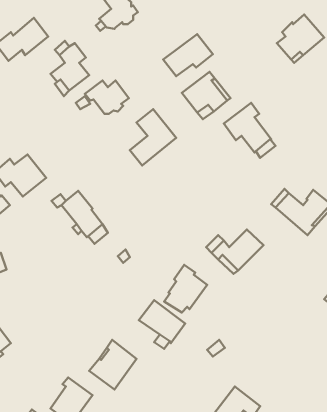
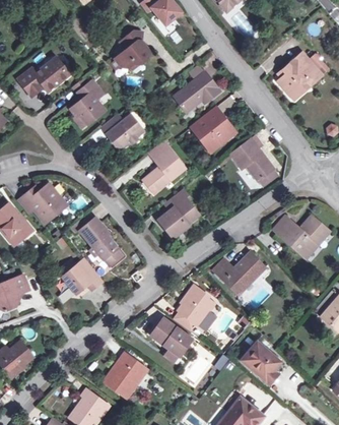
building: none -> [158,189,198,238]
building: none -> [62,258,101,293]
building: none -> [242,343,279,378]

